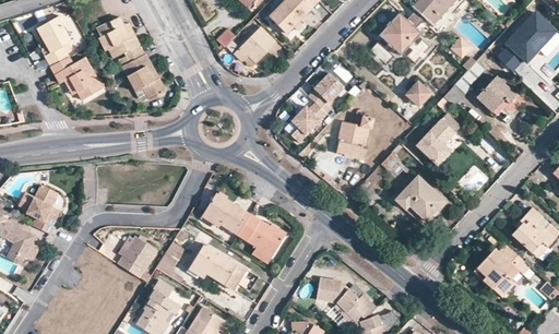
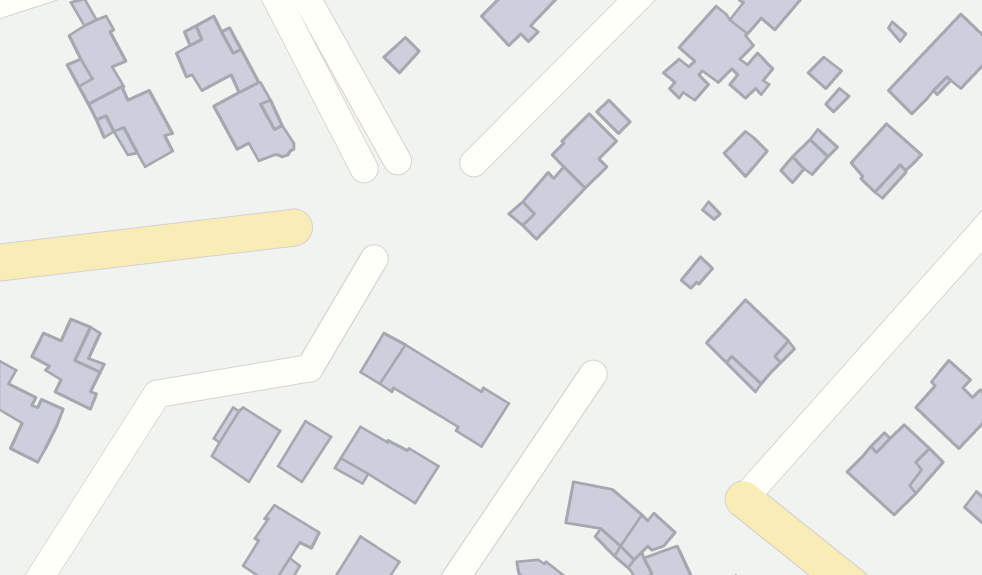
building: [235,27,275,63] -> none
building: [336,111,372,159] -> none
building: [412,117,456,170] -> none

